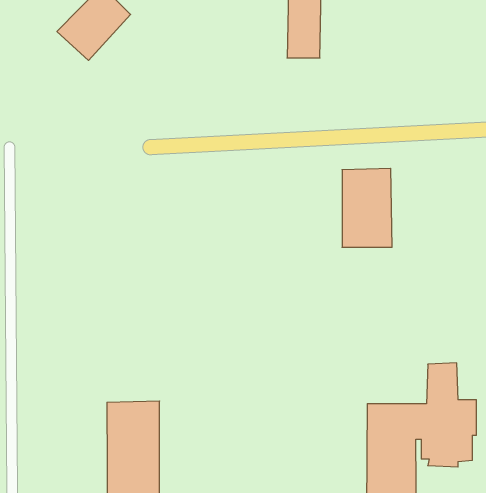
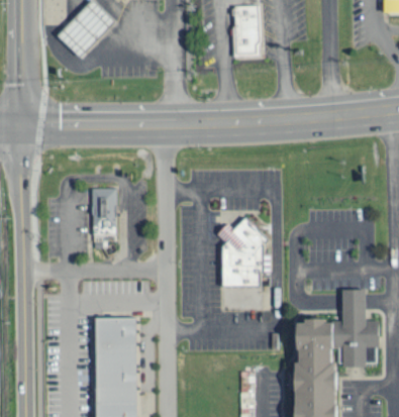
building: [342,168,392,247] -> [223,223,262,284]
building: none -> [91,183,118,245]

